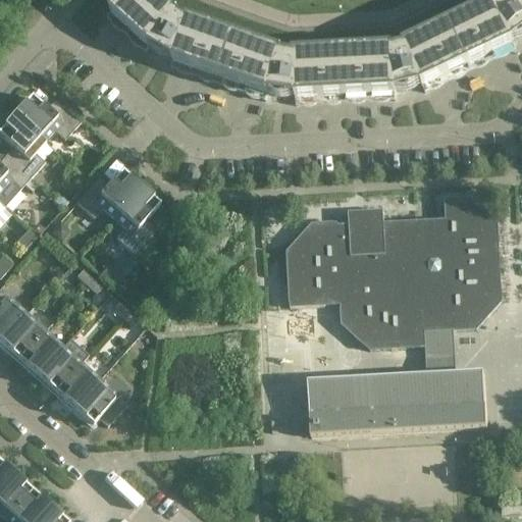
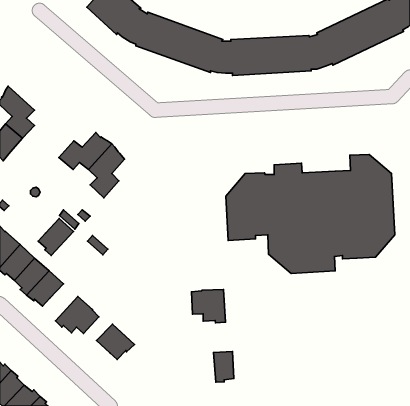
building: [10,93,80,140] -> none
building: [307,324,486,435] -> none
building: [54,360,99,407] -> [38,219,74,256]
building: none -> [192,289,225,323]
building: none -> [97,324,135,360]
building: none -> [214,352,234,382]

